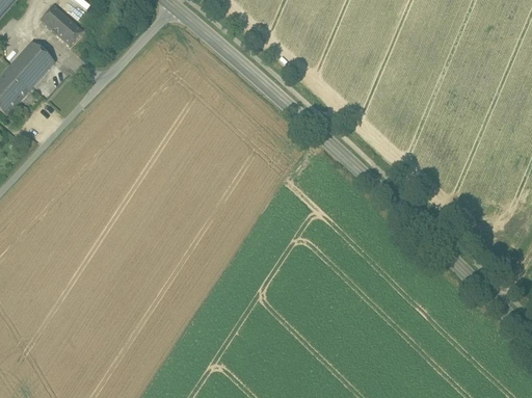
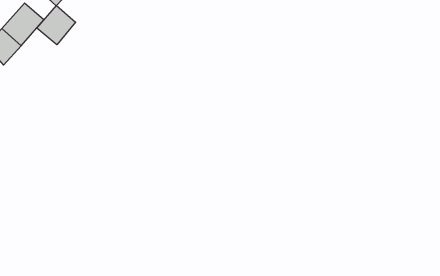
building: none -> [37,5,76,45]

